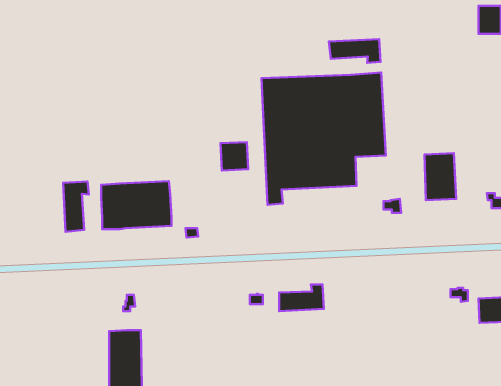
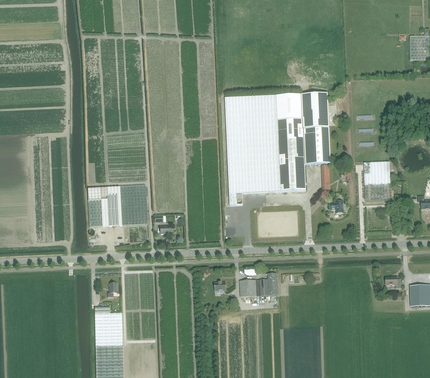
building: [329,39,380,63] -> none
building: [221,142,248,170] -> none
building: [63,182,89,232] -> none

